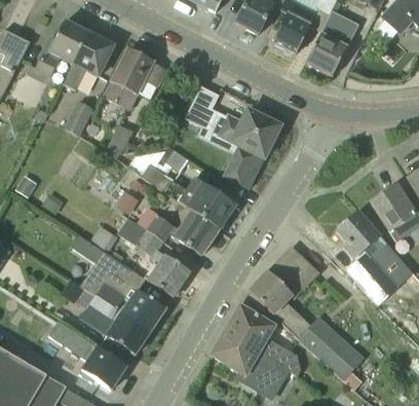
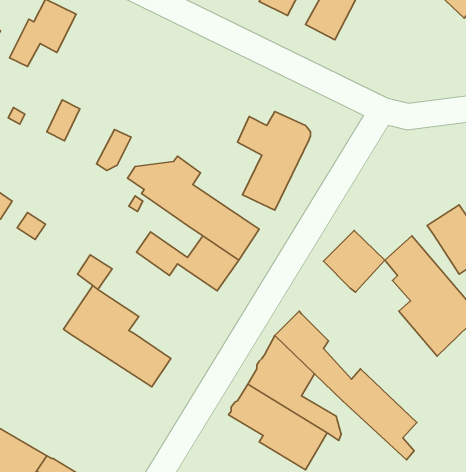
building: [305,26,354,76] -> none
building: [63,32,113,89] -> none
building: [103,48,165,109] -> none
building: [184,85,219,126] -> none
building: [116,217,189,297] -> none
building: [269,248,318,297] -> [323,231,385,292]
building: [74,288,149,354] -> none
building: [47,320,126,389] -> none

